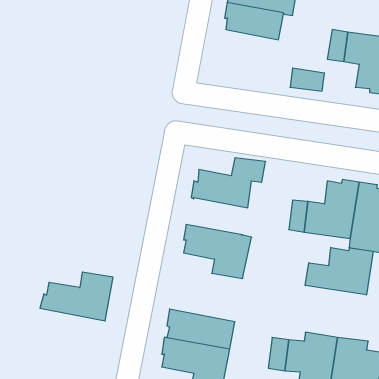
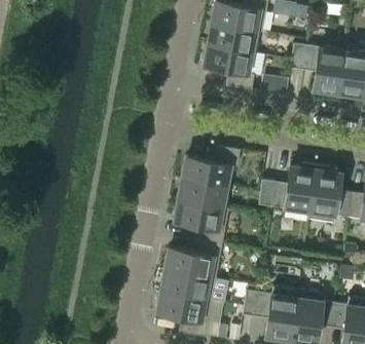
building: none -> [204,43,254,89]
building: none -> [177,179,226,208]
building: [305,247,373,295] -> none
building: [40,272,113,321] -> [163,239,222,278]

